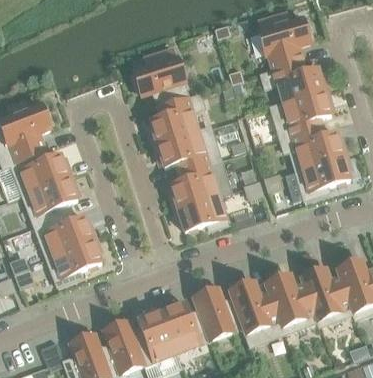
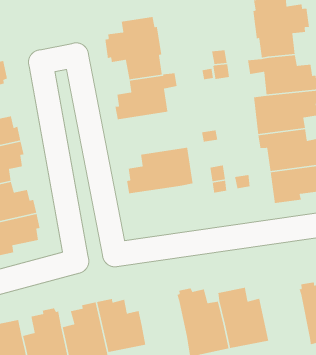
building: [154,126,220,171] -> none
building: [174,194,228,230] -> none
building: [301,267,353,324] -> none
building: [194,287,244,339] -> none

